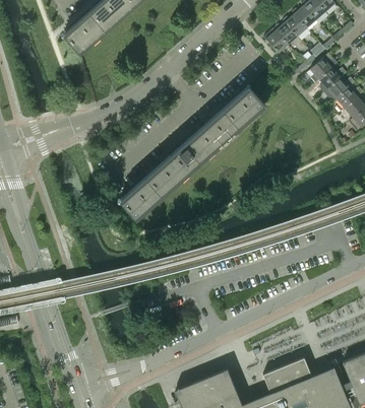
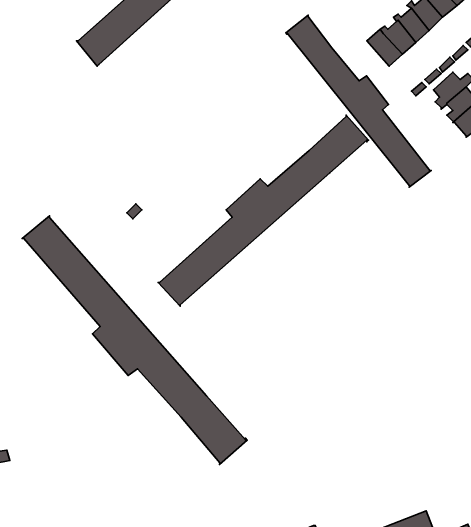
building: none -> [286,15,431,187]
building: none -> [22,216,247,464]

